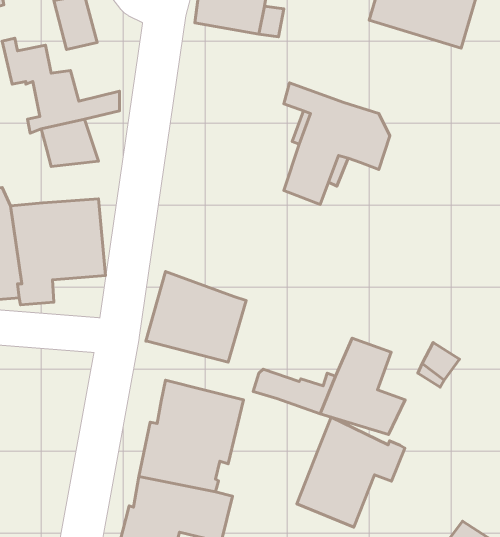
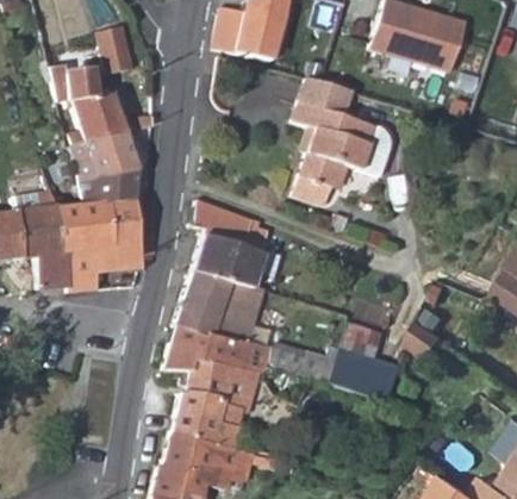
building: none -> [298,75,355,118]
building: none -> [79,158,137,204]
building: none -> [192,201,268,283]
building: none -> [163,322,268,373]
building: [297,417,405,527] -> none

